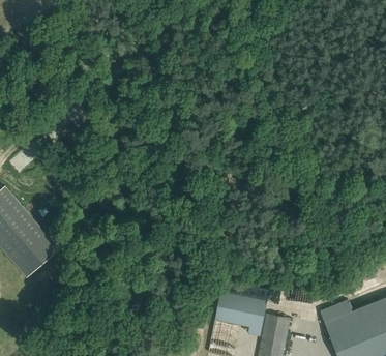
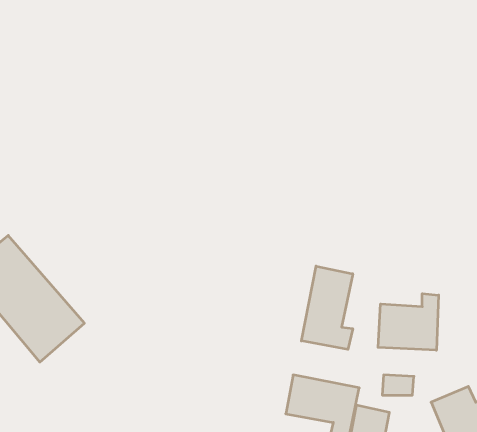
building: none -> [301,266,353,349]
building: none -> [378,294,439,350]

